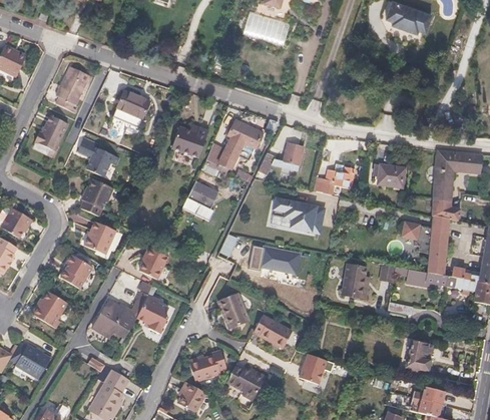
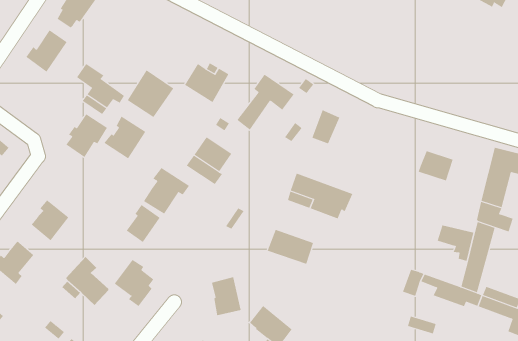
building: [113,88,151,127] -> [127,70,174,118]
building: [322,164,354,194] -> none
building: none -> [143,167,190,215]
building: [81,220,115,255] -> [104,116,146,159]
building: [342,264,367,299] -> none

